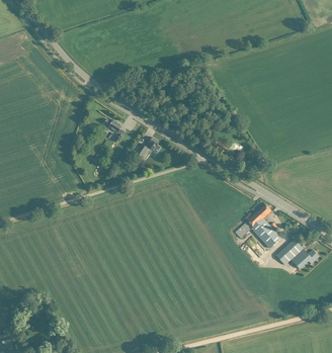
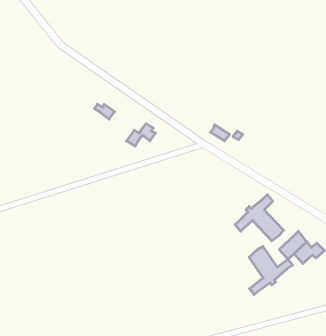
building: none -> [249,246,293,295]

